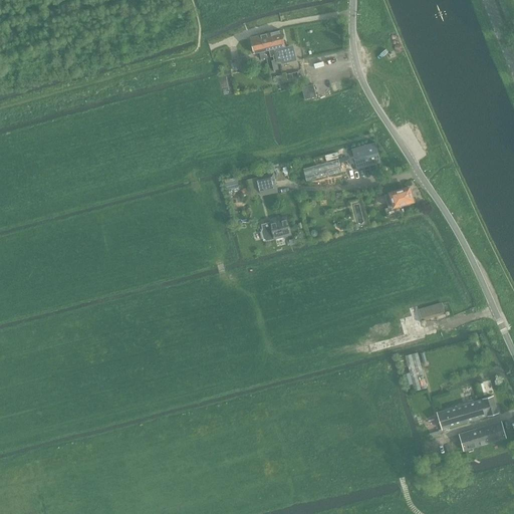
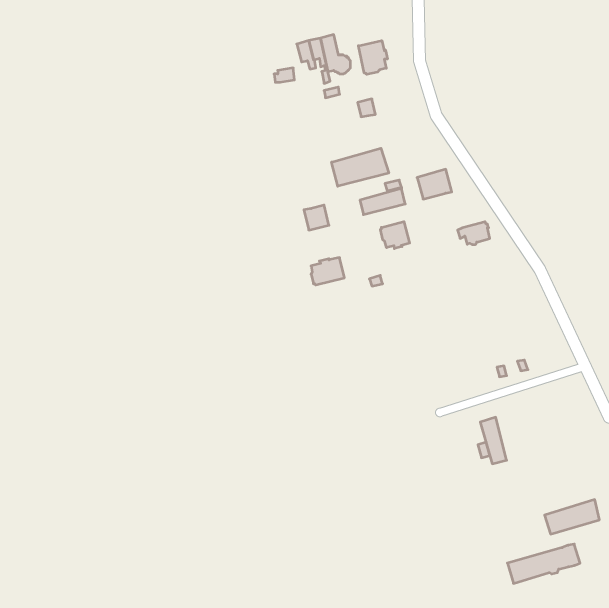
building: none -> [358,41,387,74]
building: none -> [332,148,389,186]
building: none -> [380,222,410,249]
building: [437,396,498,429] -> [507,544,580,583]

